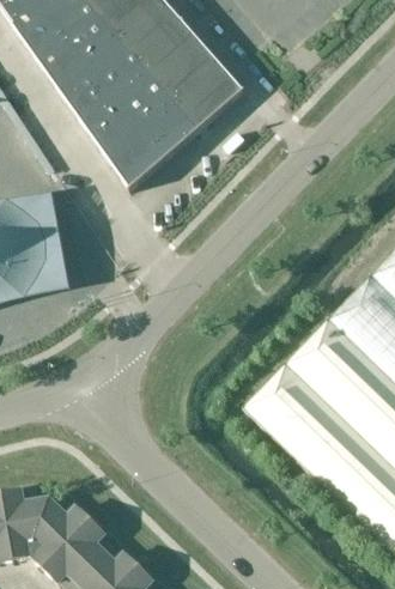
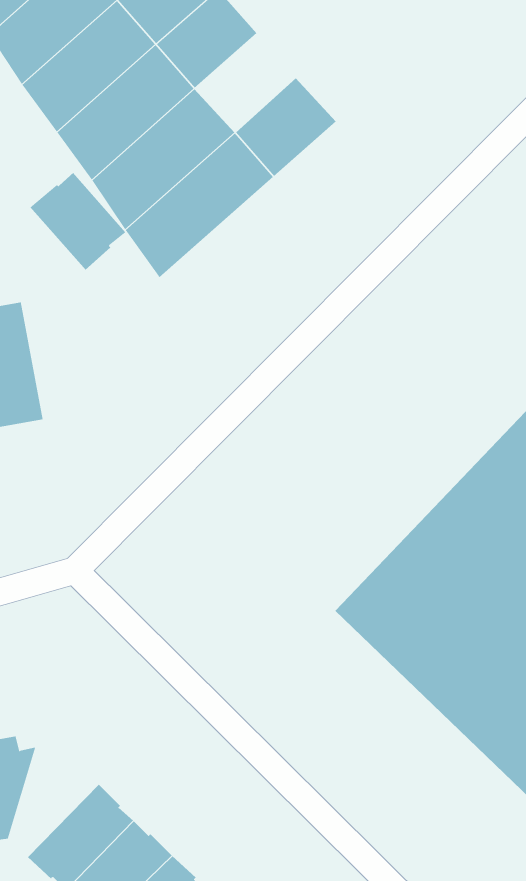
building: [153,32,219,97] -> none
building: none -> [30,172,126,270]
building: [32,497,91,569] -> none

